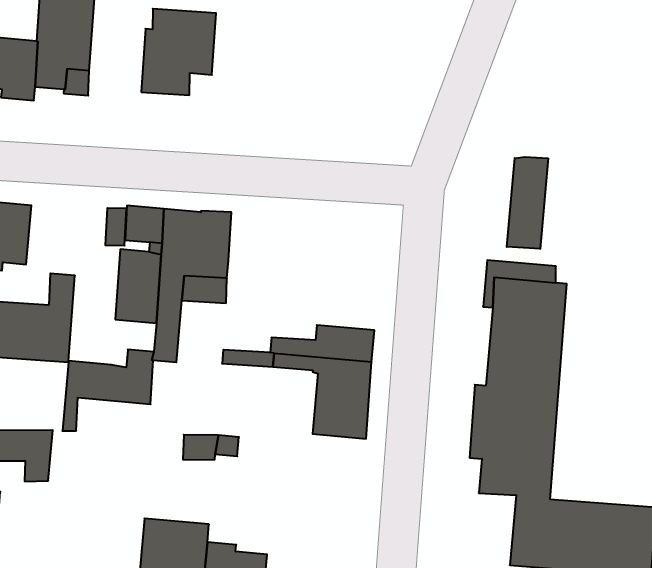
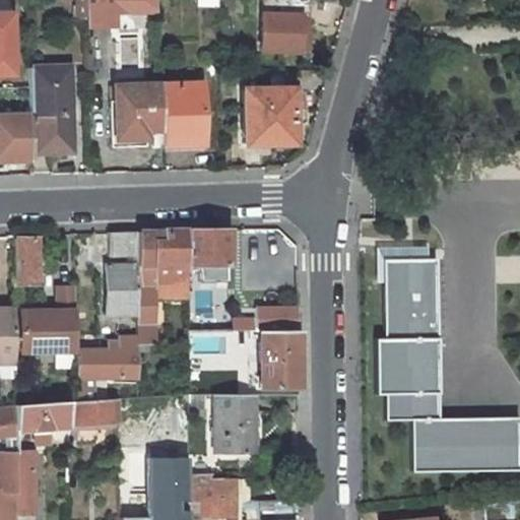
building: none -> [162,84,205,146]
building: none -> [245,84,308,145]
building: [507,157,548,249] -> none
building: none -> [187,230,230,266]
building: none -> [70,399,120,440]
building: none -> [215,395,256,452]

